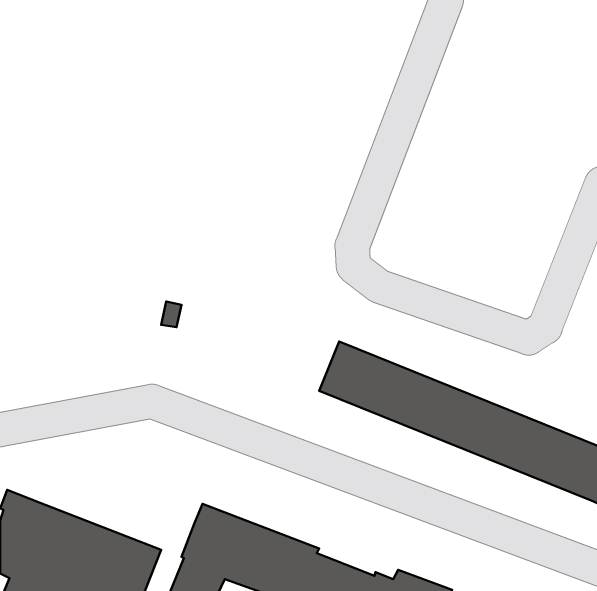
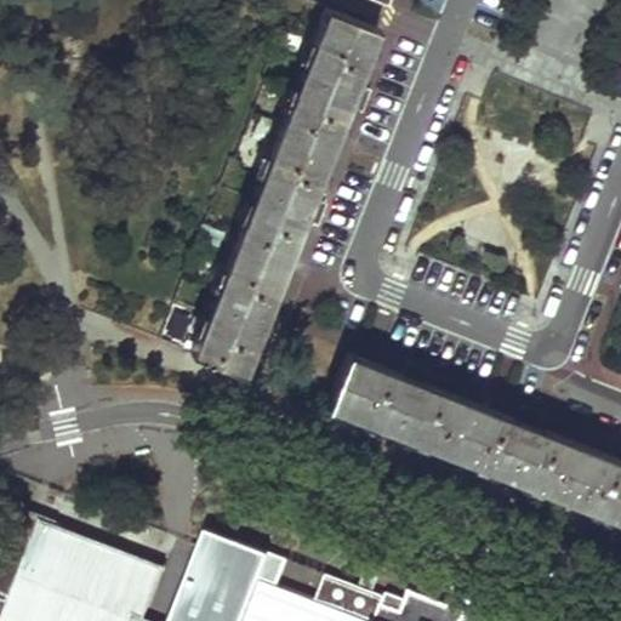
building: none -> [194,19,382,381]

